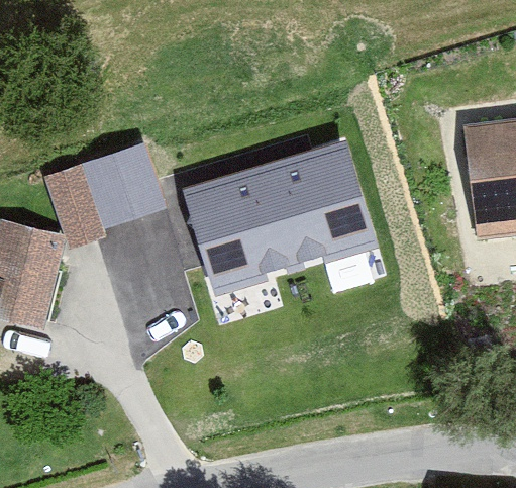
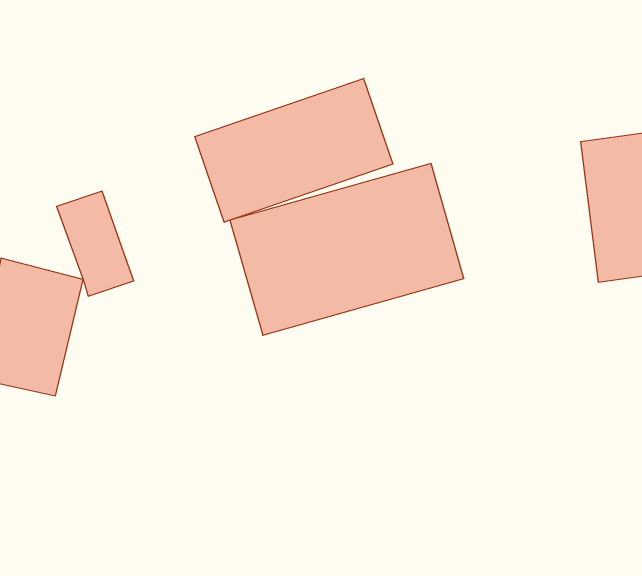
building: none -> [195,78,393,222]
building: [83,145,162,221] -> none

